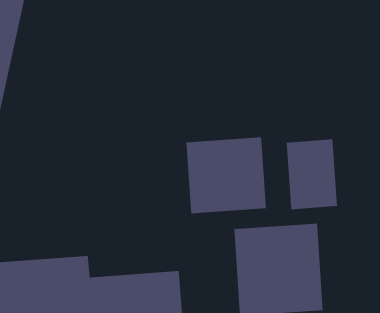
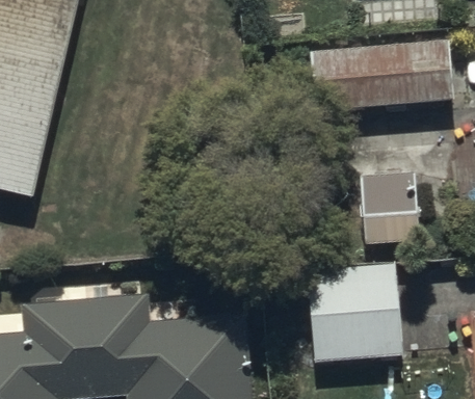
building: none -> [294,41,452,109]
building: [186,136,267,214] -> none

